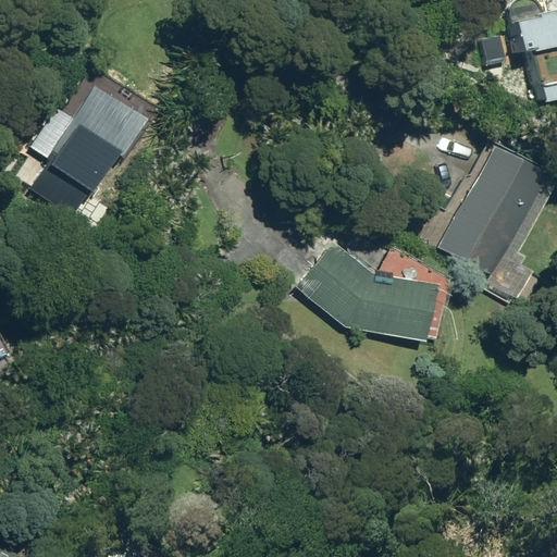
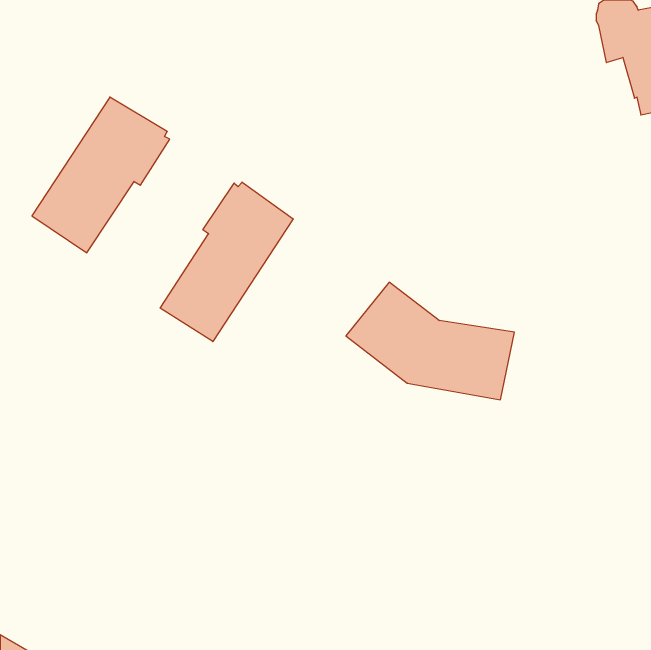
building: [441,144,550,276] -> none
building: none -> [160,182,293,342]

